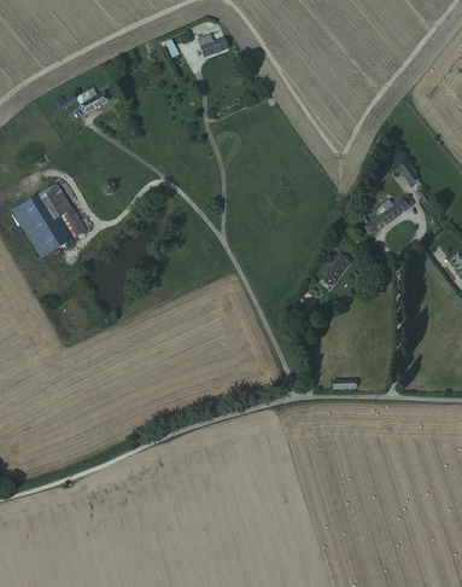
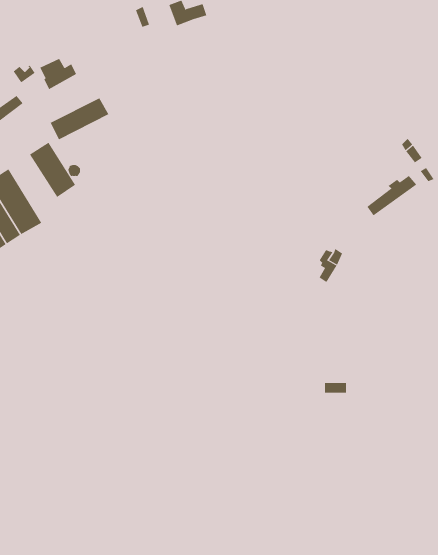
building: none -> [50,98,109,140]
building: none -> [29,142,76,198]

